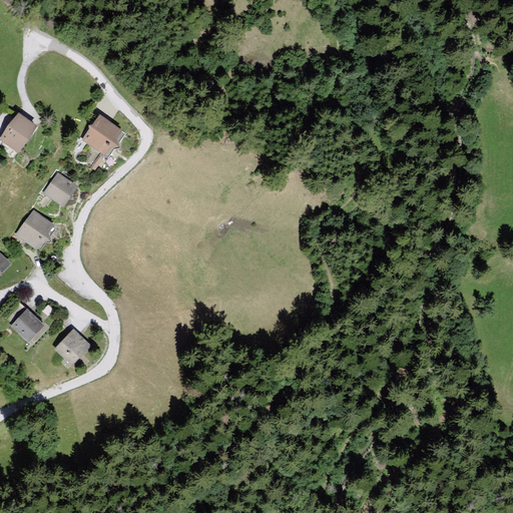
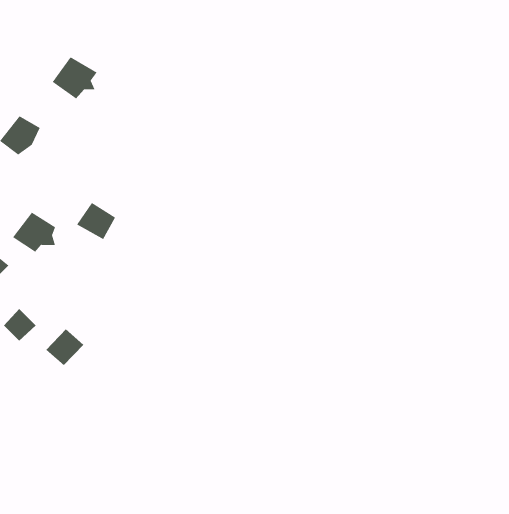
building: [83,115,128,157] -> [52,56,98,99]
building: [42,172,81,209] -> [76,202,116,240]

